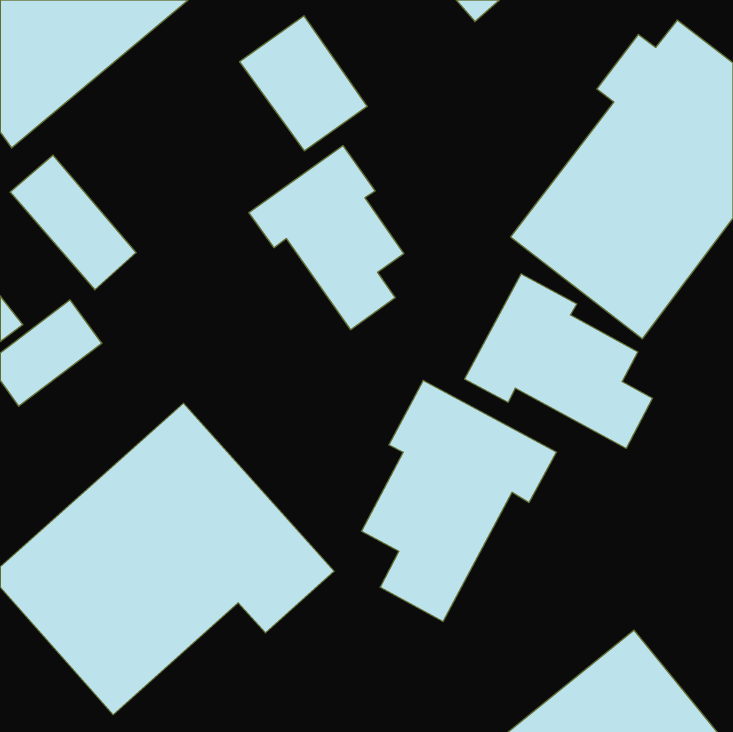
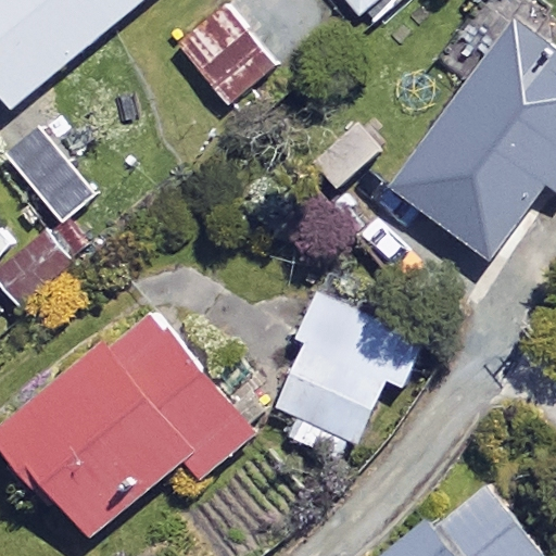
building: [249,146,404,330] -> none
building: [465,274,653,448] -> none

